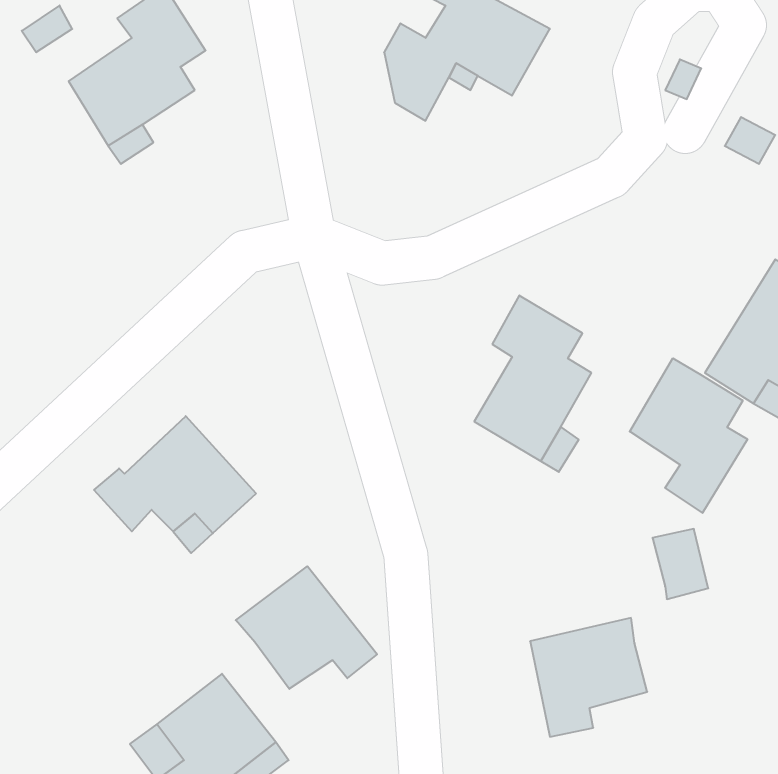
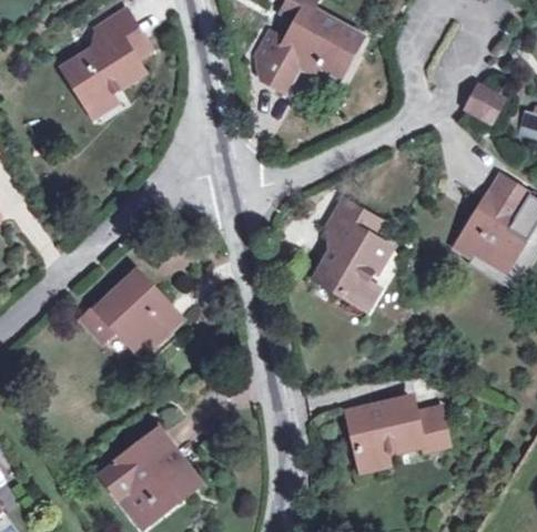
building: [630,358,747,513] -> none
building: [652,529,708,599] -> [413,407,447,450]
building: [236,566,377,689] -> none

